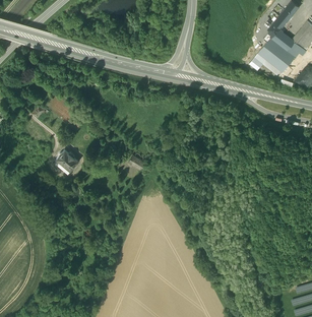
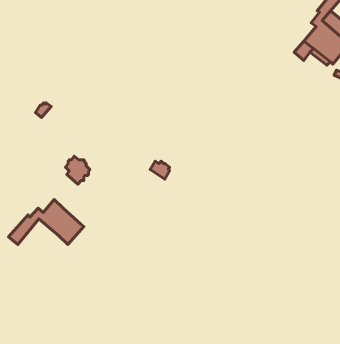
building: none -> [9,200,84,245]

